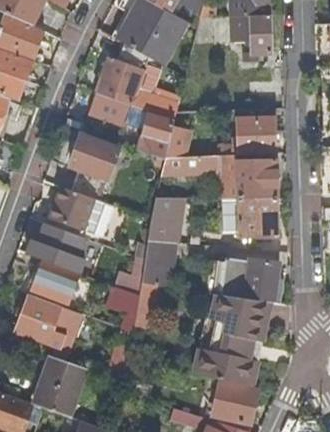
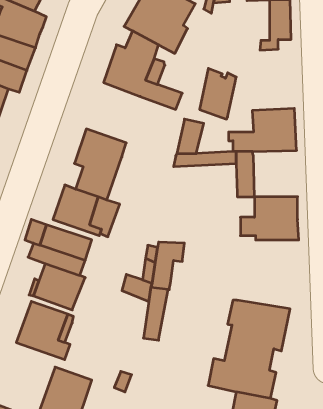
building: [89,92,131,127] -> none
building: [139,113,173,160] -> [200,68,236,119]
building: [236,160,277,198] -> none
building: [148,199,183,242] -> none
building: [221,258,279,302] -> none

